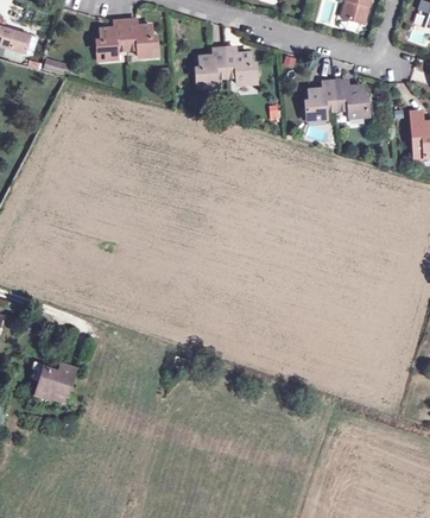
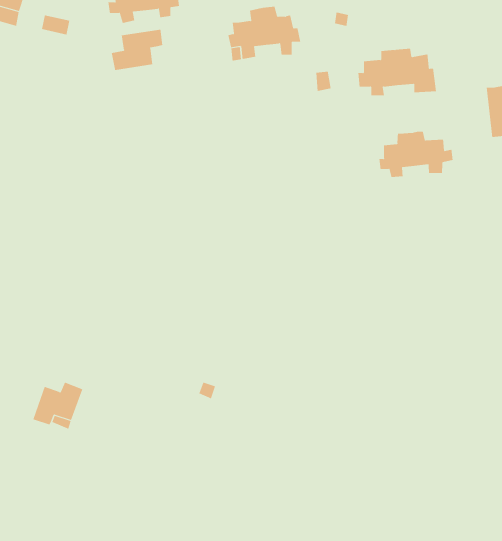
building: none -> [111,29,163,71]
building: none -> [379,131,453,178]

